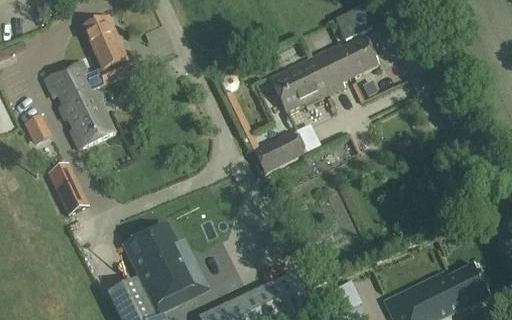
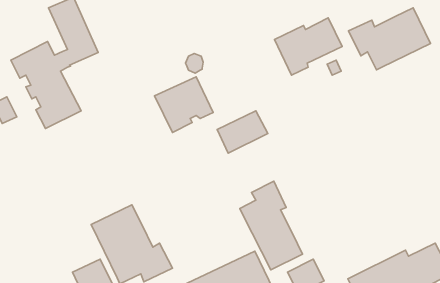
building: none -> [349,8,430,70]
building: [268,58,327,114] -> [155,77,213,132]
building: [46,161,91,225] -> none
building: none -> [240,181,303,270]

